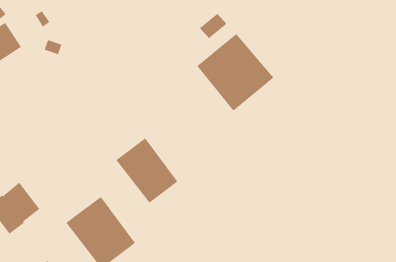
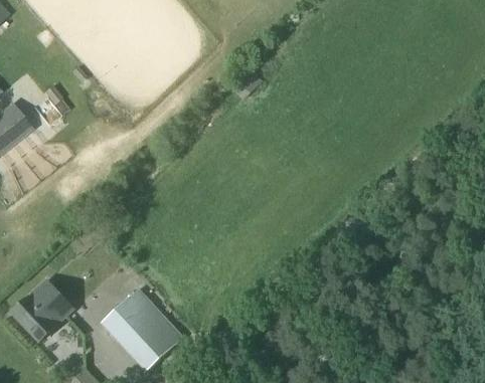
building: [197,33,274,111] -> none
building: [116,137,178,204] -> none

